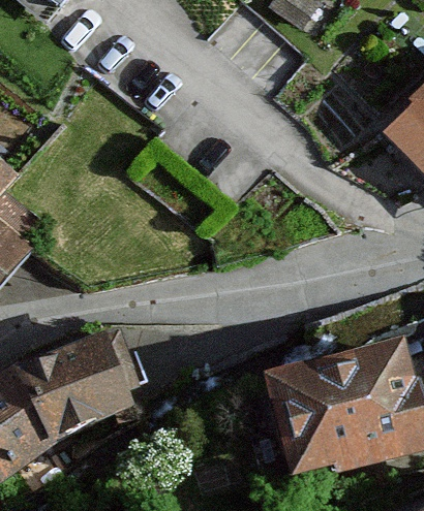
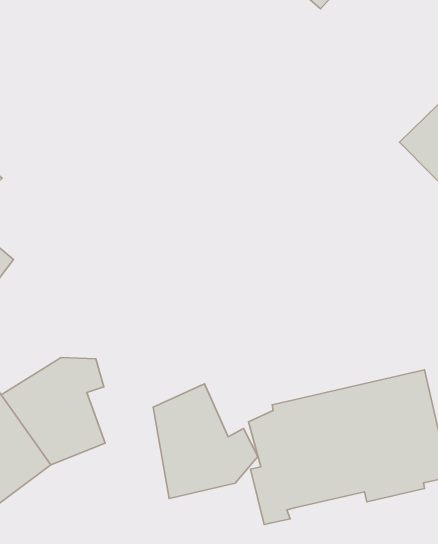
building: none -> [153,384,258,498]

